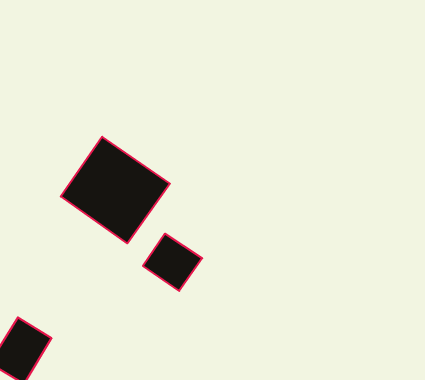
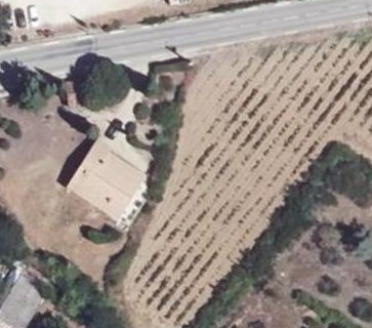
building: [143,234,202,291] -> none

